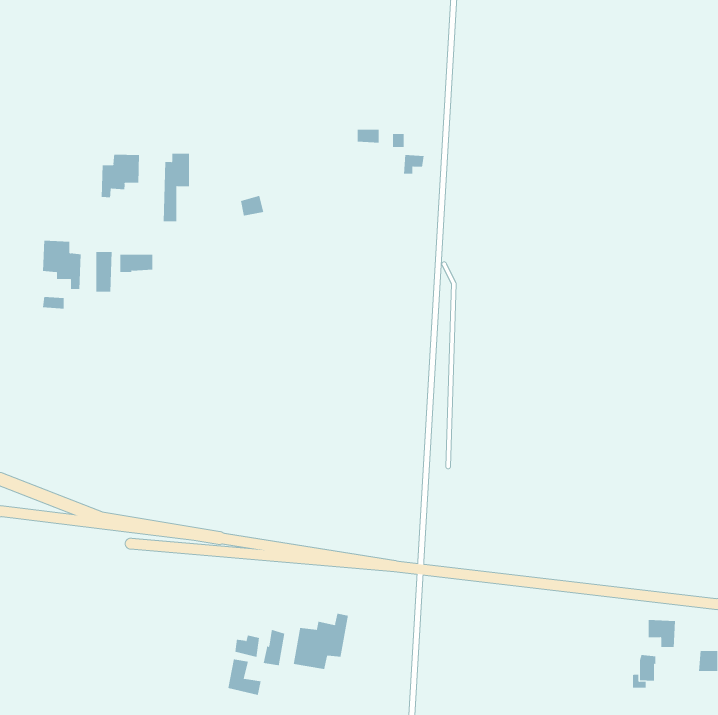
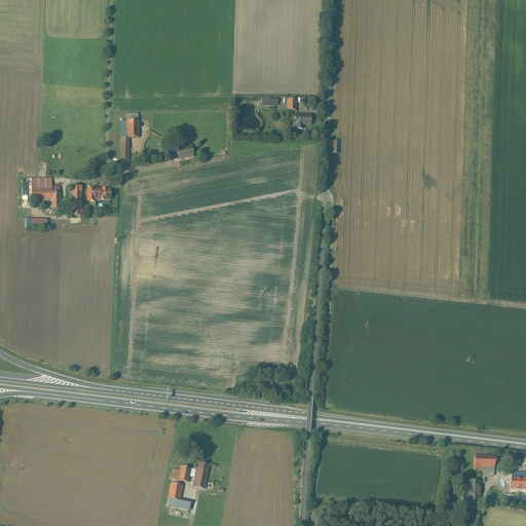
building: [101,154,139,198] -> none
building: [293,613,349,670] -> none

